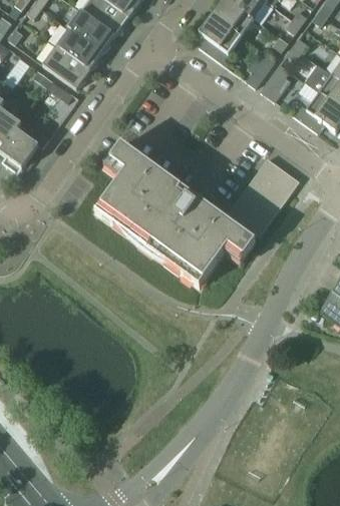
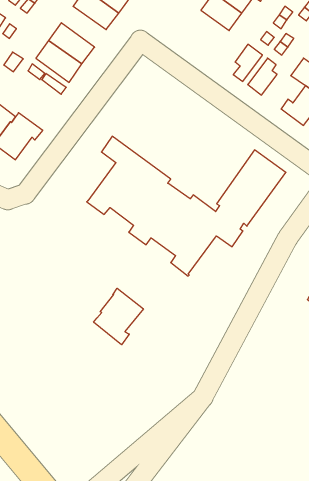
building: [69,9,115,51] -> none
building: [200,13,242,61] -> none
building: none -> [94,288,143,345]

